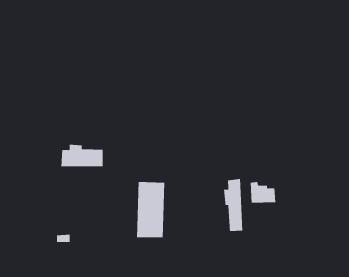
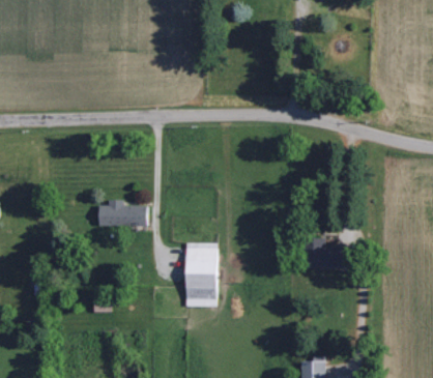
building: [224,178,243,232] -> none

